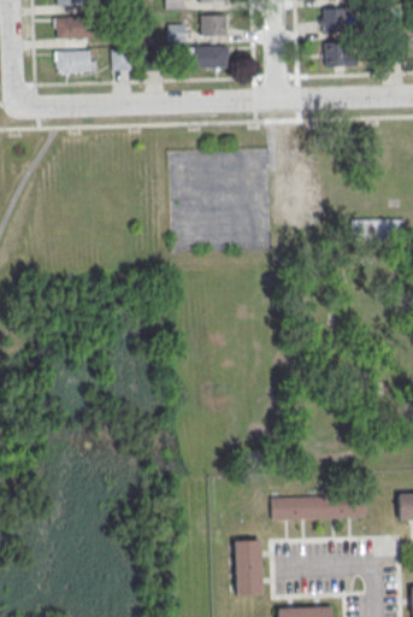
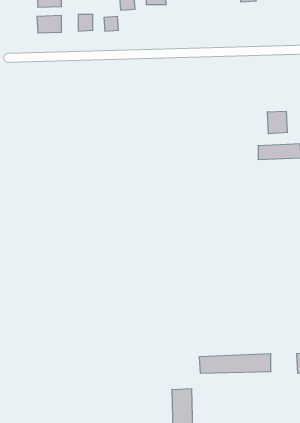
building: [326,43,359,67] -> none
building: [196,47,231,69] -> none
building: none -> [267,111,287,134]

